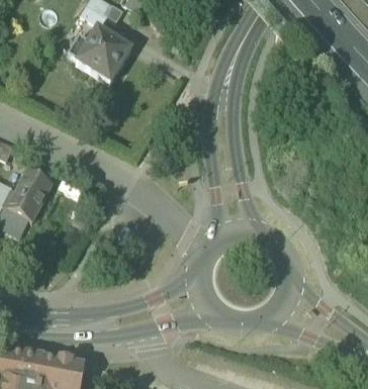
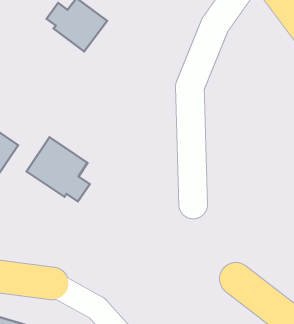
building: none -> [26,137,90,201]

